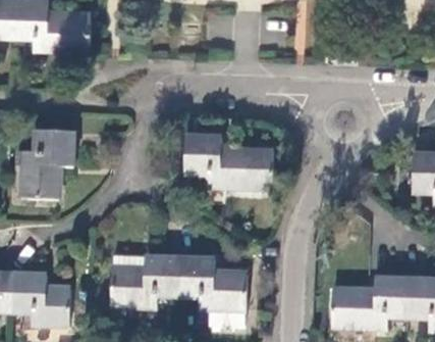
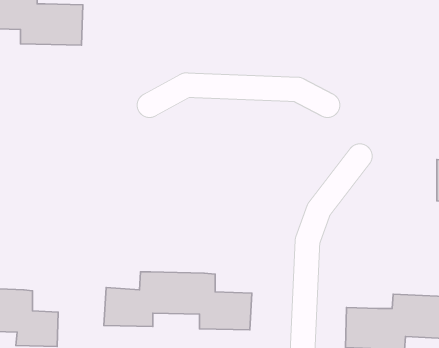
building: [20,131,73,199] -> none
building: [184,136,273,190] -> none

